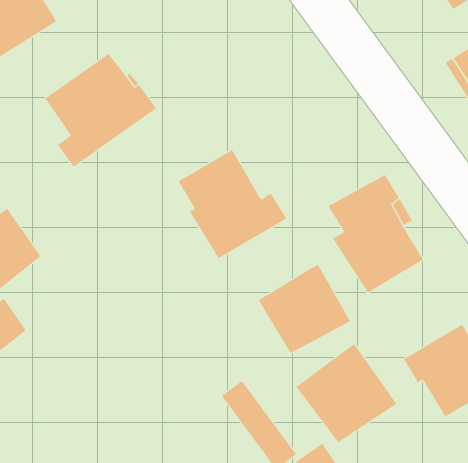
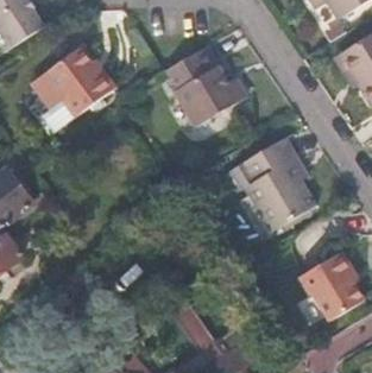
building: [178,149,287,259] -> [166,46,247,127]
building: [258,264,351,354] -> none
building: [296,343,397,443] -> none

